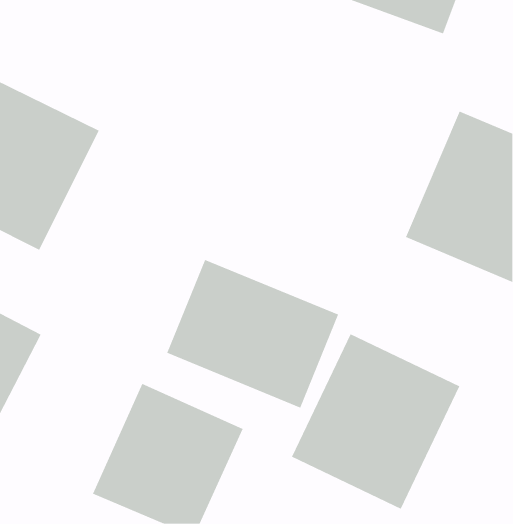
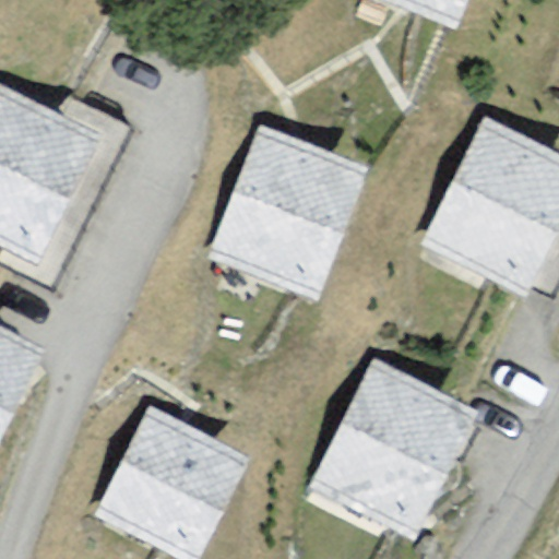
building: none -> [199,118,377,308]
building: [166,259,339,408] -> none

